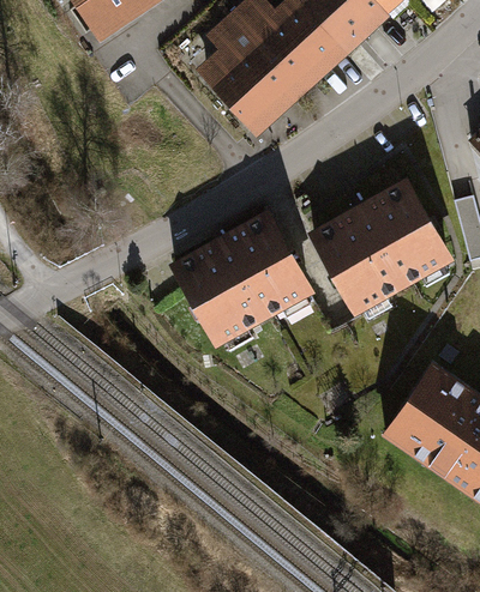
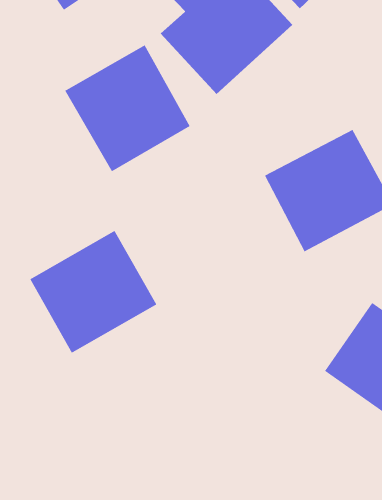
building: none -> [65,45,191,172]
building: [173,213,311,346] -> [30,230,157,353]

